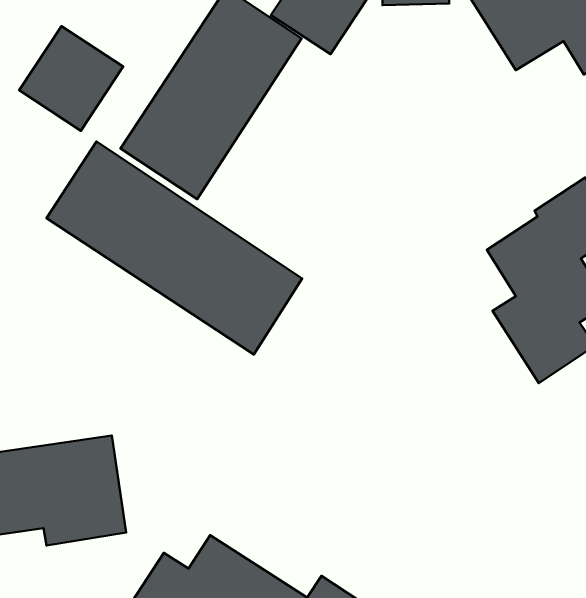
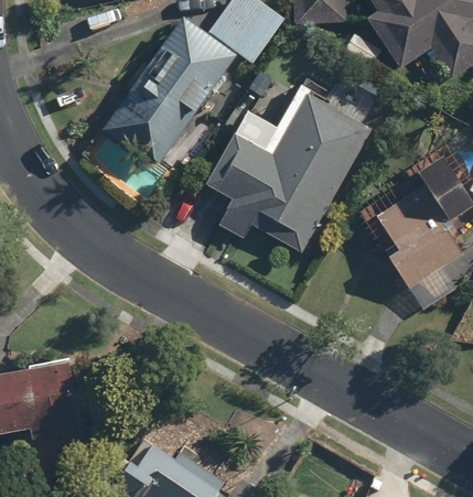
building: [19,26,123,131] -> none
building: none -> [205,95,364,250]
building: [47,142,302,354] -> none

